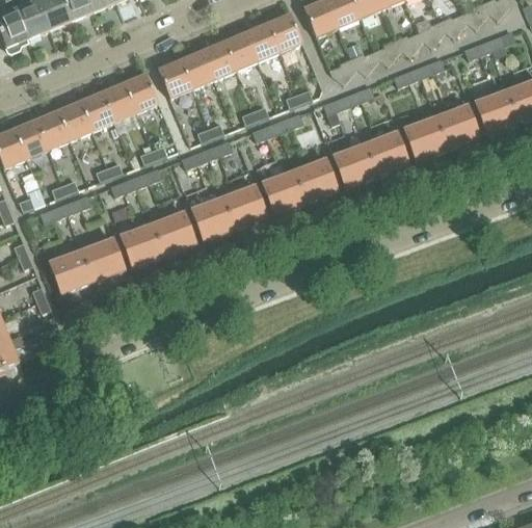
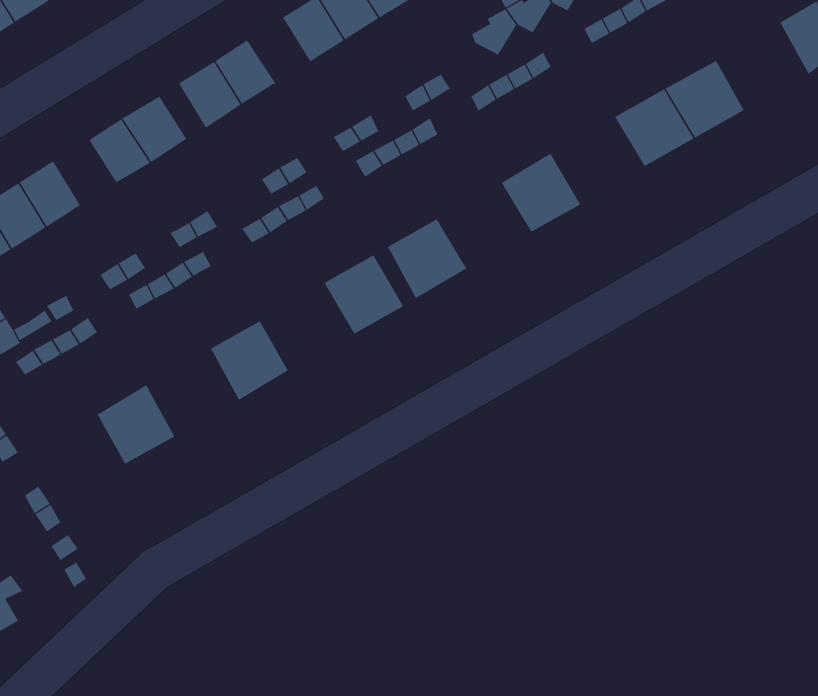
building: [202,42,235,86] -> none
building: [475,90,517,134] -> none
building: [80,94,113,130] -> none
building: [364,132,407,176] -> none
building: [293,159,337,202] -> none
building: [191,196,235,240] -> none
building: [121,223,163,267] -> none
building: [49,250,92,293] -> none

